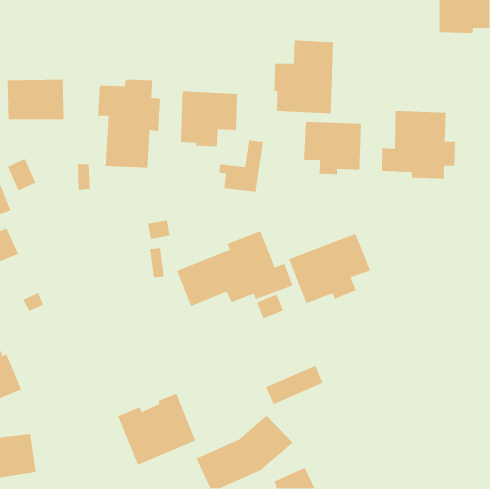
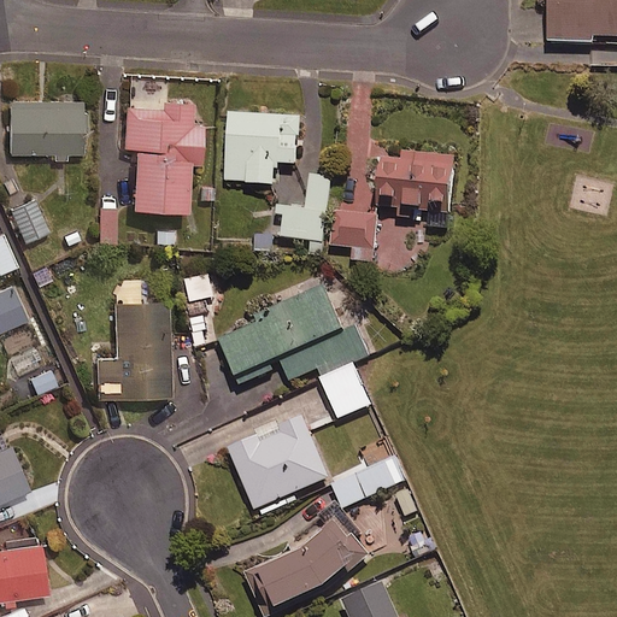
building: [273,40,334,114] -> none
building: [381,110,456,180] -> none
building: none -> [330,212,376,260]
building: [288,233,371,304] -> none
building: none -> [96,300,168,396]
building: [117,393,196,466] -> [229,418,328,510]

